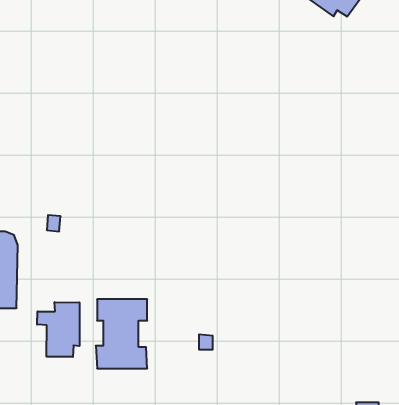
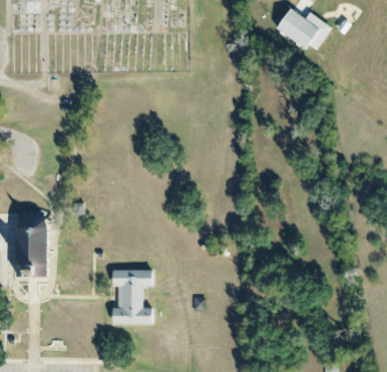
building: [37,302,79,357] -> none

